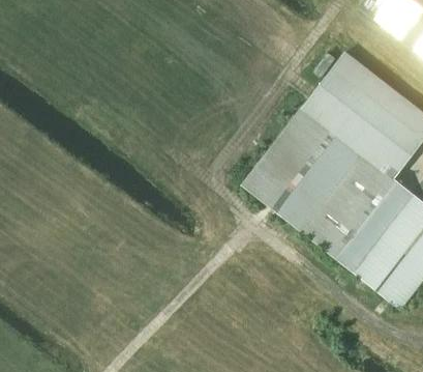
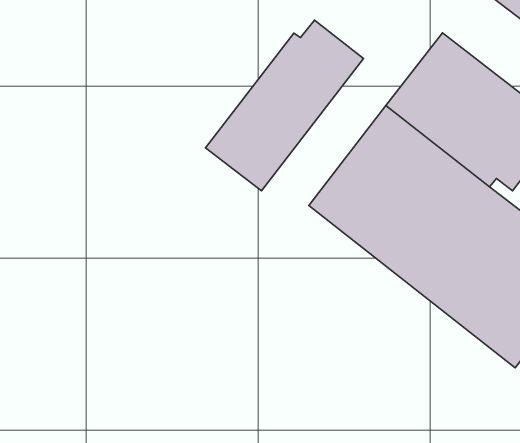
building: none -> [206,20,364,191]

